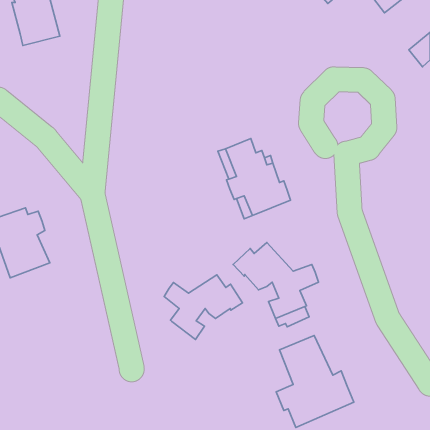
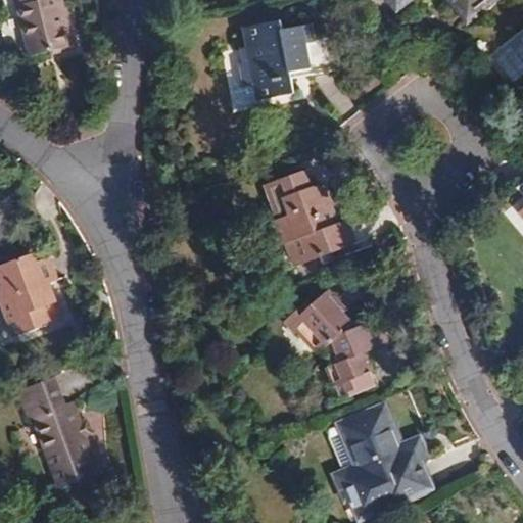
building: none -> [233,18,336,105]
building: [164,275,242,339] -> none
building: none -> [16,376,97,486]

